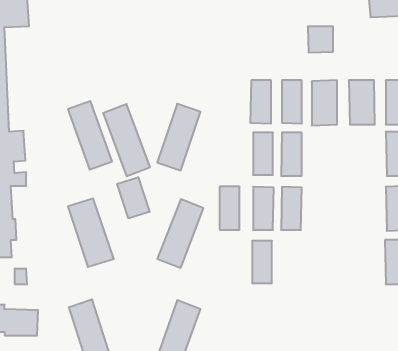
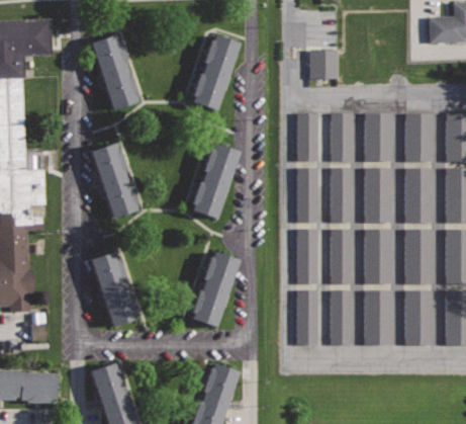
building: none -> [190,30,241,109]
building: [308,26,333,53] -> [308,52,337,81]
building: [103,104,150,176] -> [88,29,141,110]
building: none -> [364,172,393,222]
building: none -> [406,172,435,222]
building: [117,177,150,218] -> none
building: [220,187,240,230] -> [330,295,352,344]
building: none -> [364,234,393,283]
building: none -> [404,234,433,283]
building: none -> [364,294,393,344]
building: none -> [404,294,433,344]

